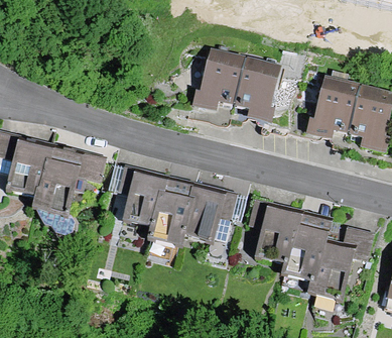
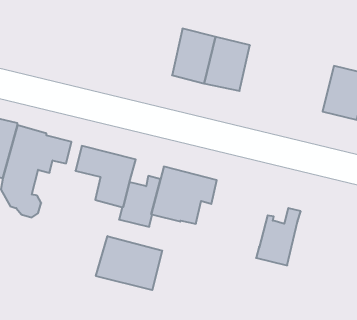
building: [314,71,359,131] -> none
building: [250,200,300,263] -> none
building: [310,228,372,299] -> none
building: none -> [96,236,162,290]

